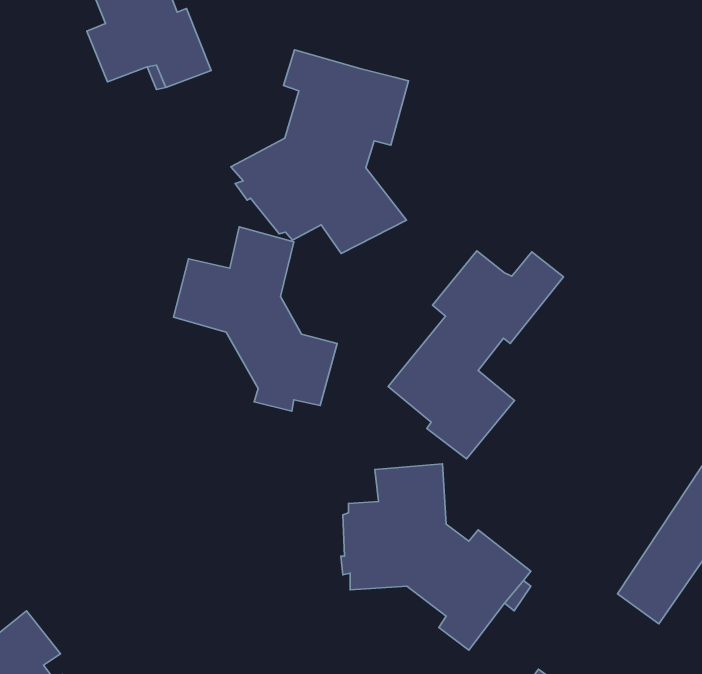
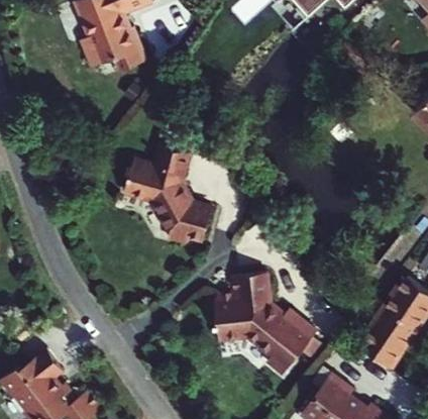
building: [231,50,408,254] -> none
building: [388,251,564,459] -> none

